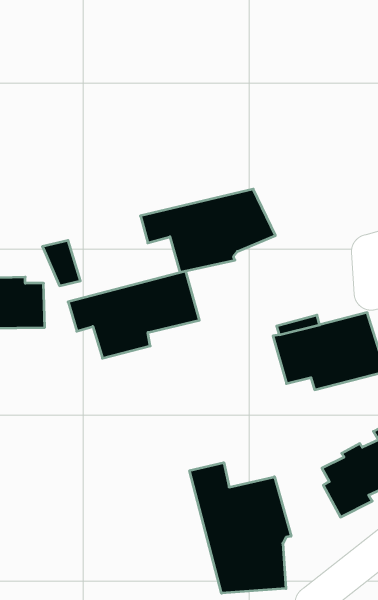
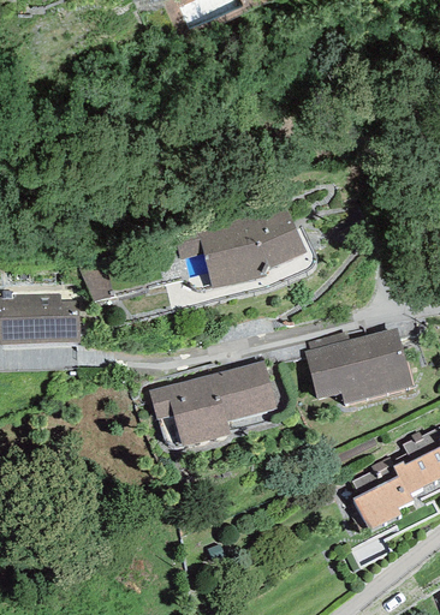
building: [68,271,199,358] -> [149,362,278,447]
building: [190,463,291,593] -> none

